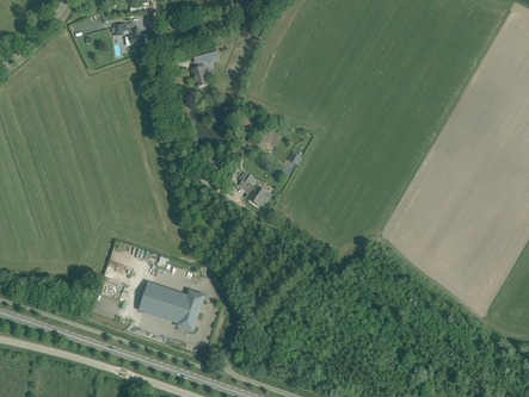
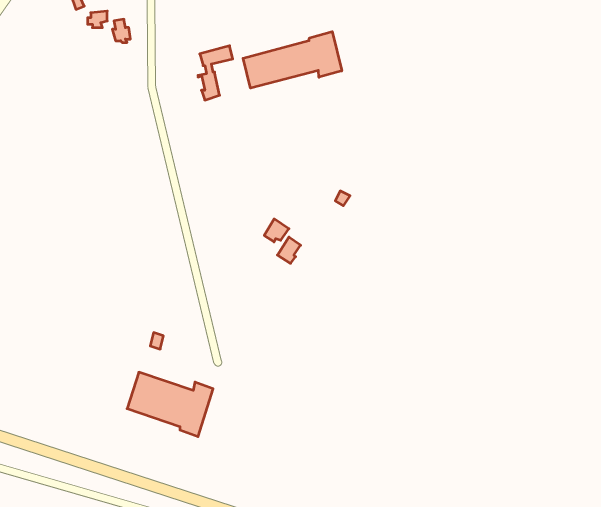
building: none -> [243,32,342,88]

